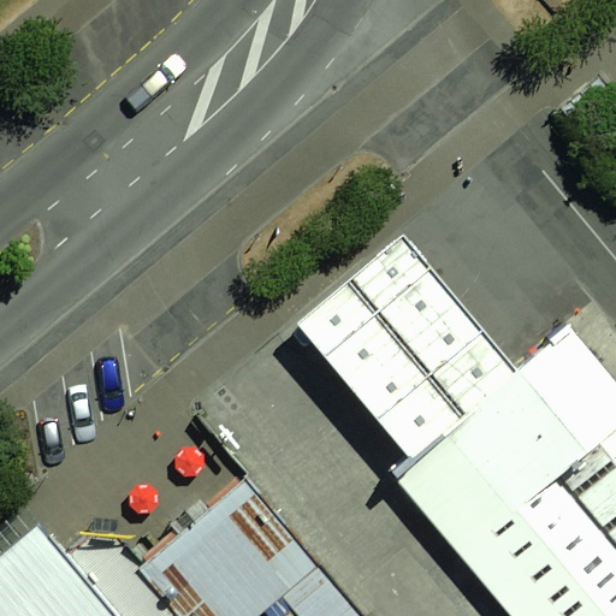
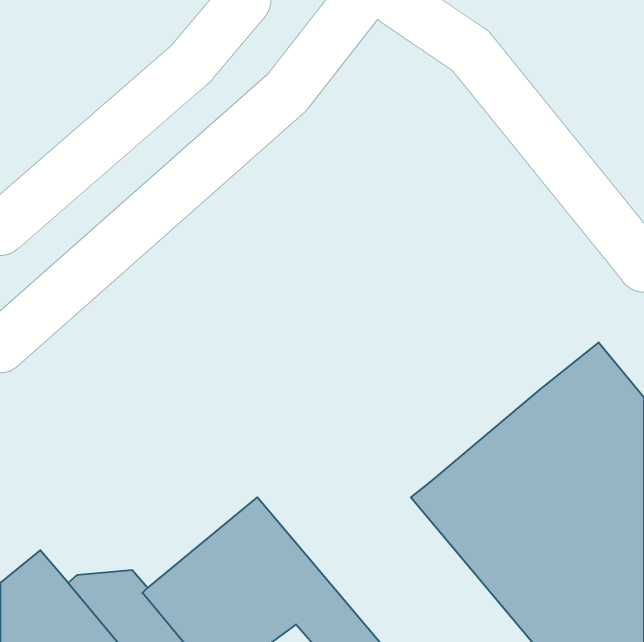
building: [296,238,516,462] -> none

